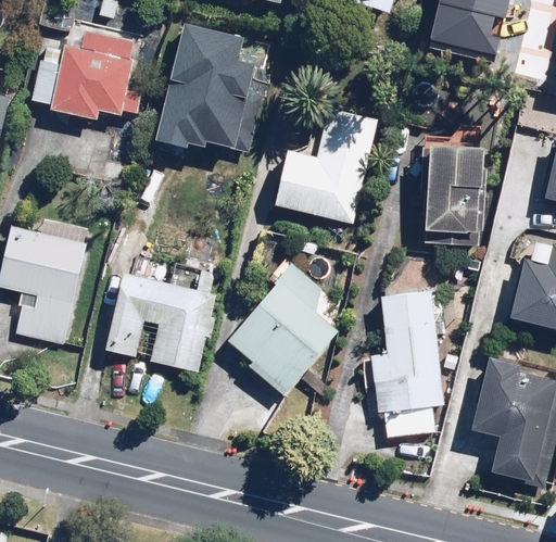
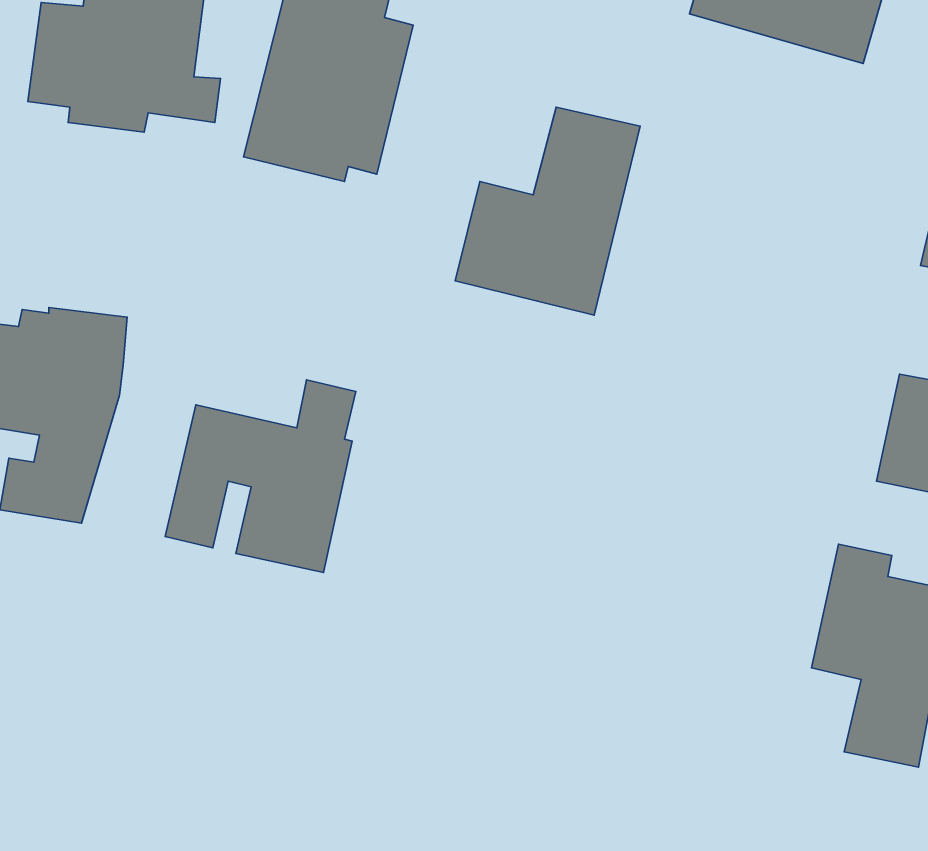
building: [425,146,486,243] -> none
building: [230,263,340,389] -> none
building: [374,290,456,437] -> none

